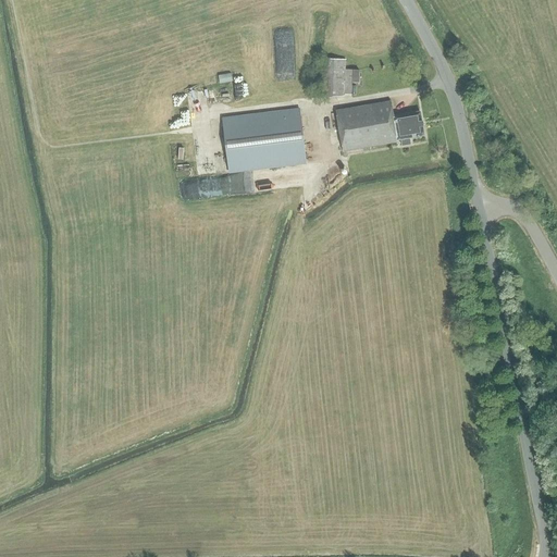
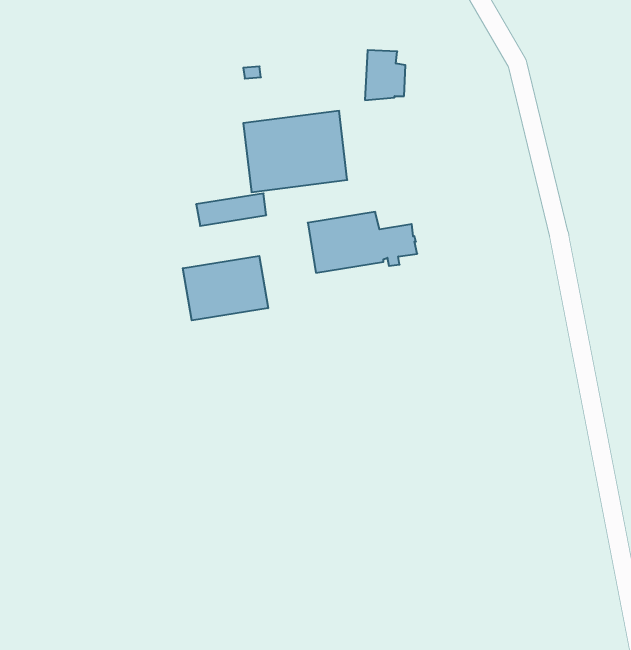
building: [336,101,424,150] -> [308,212,417,273]
building: none -> [183,256,268,320]

